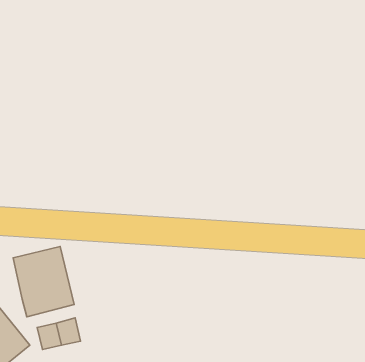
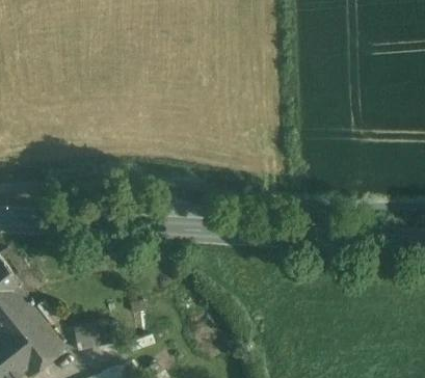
building: [13,247,74,317] -> none

